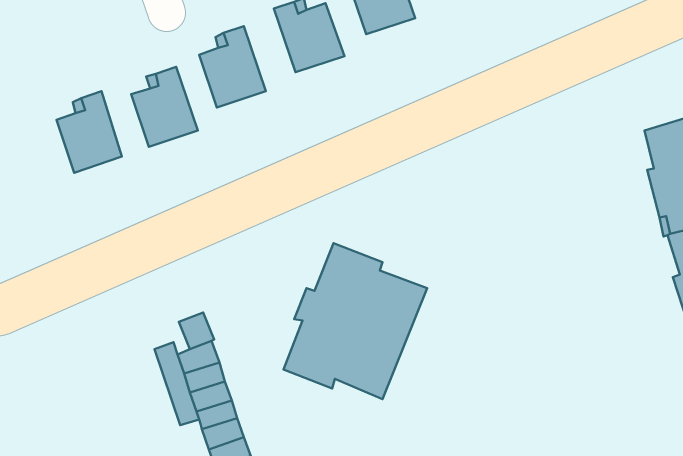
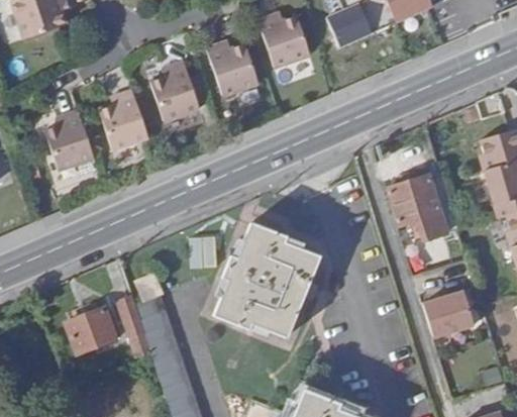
building: none -> [387,173,458,240]
building: none -> [423,291,475,338]
building: none -> [65,307,116,354]

